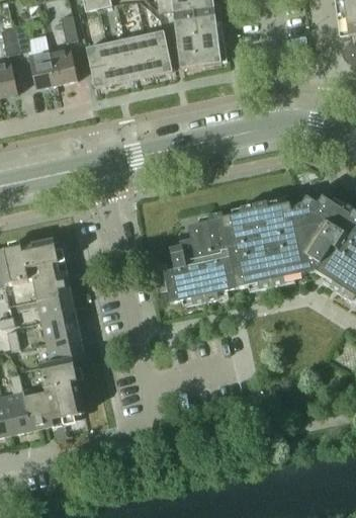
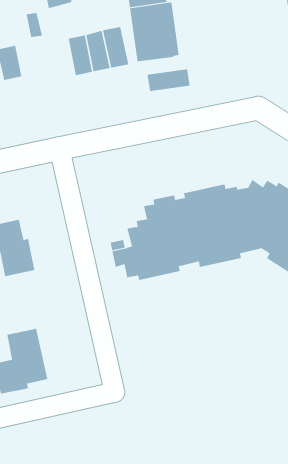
building: [86,42,113,87] -> none
building: [49,46,77,84] -> none
building: none -> [147,69,190,92]
building: [36,294,84,362] -> none

